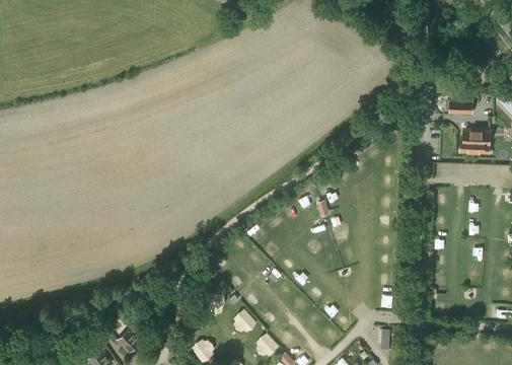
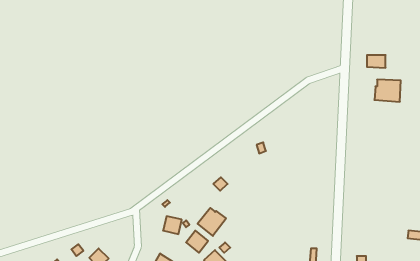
building: none -> [198,208,226,236]

